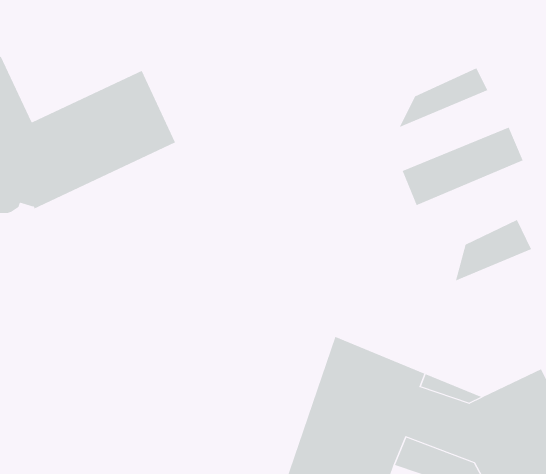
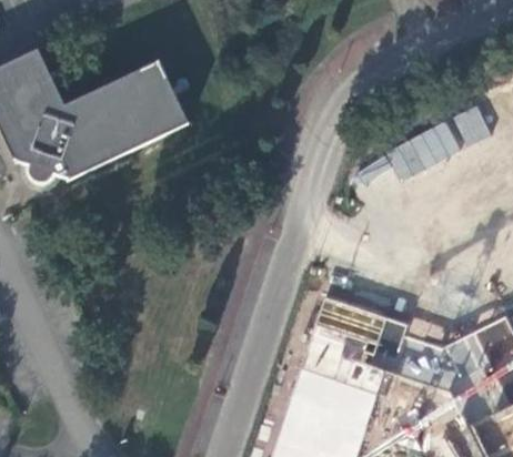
building: [399,67,488,128] -> none
building: [455,219,532,282] -> none

